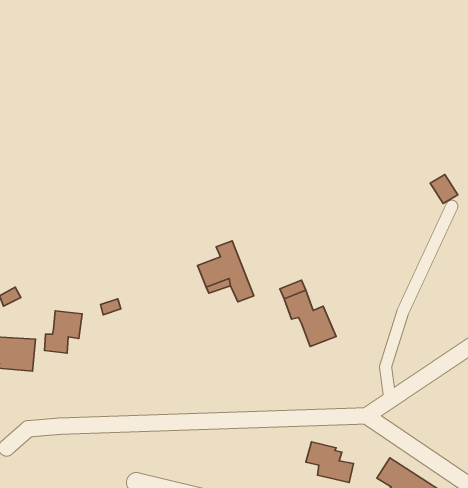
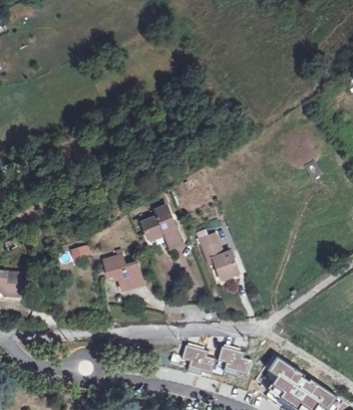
building: none -> [102,249,141,286]
building: [44,311,82,353] -> none
building: none -> [181,345,213,371]

